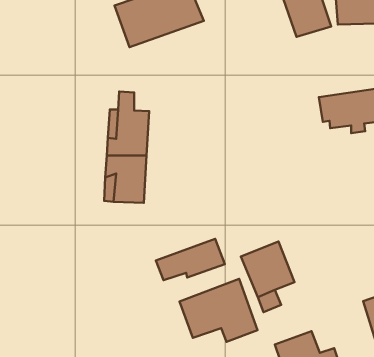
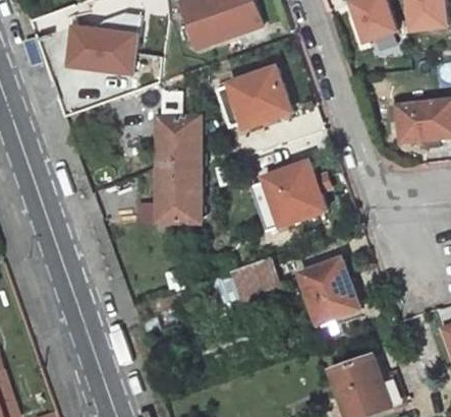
building: none -> [59,19,131,80]
building: none -> [210,62,296,130]
building: none -> [258,154,332,230]
building: [180,279,258,342] -> none

